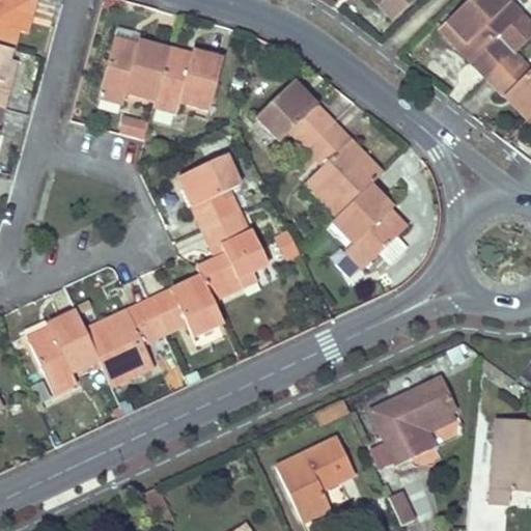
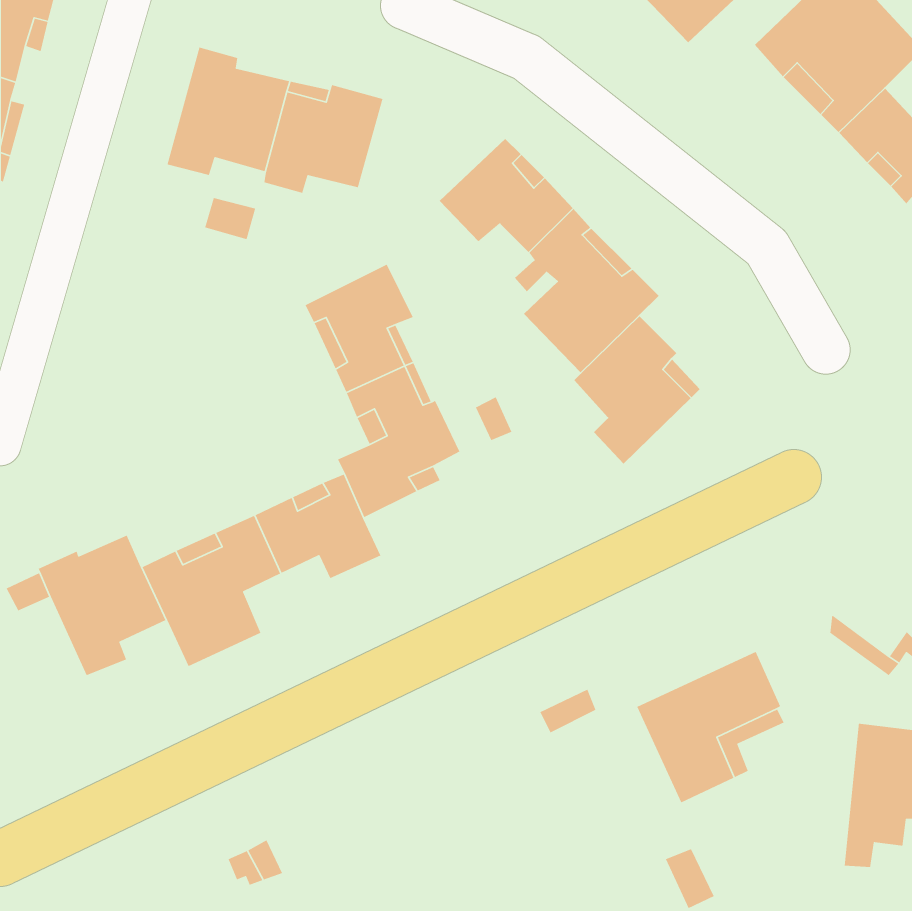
building: [276,437,355,521] -> none

